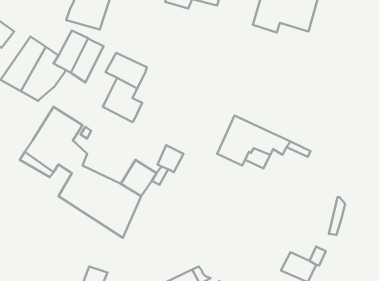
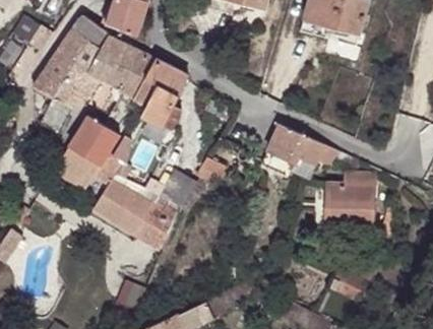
building: none -> [64,13,110,61]
building: none -> [122,51,156,105]
building: none -> [326,173,374,232]

